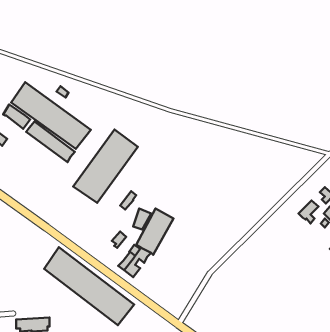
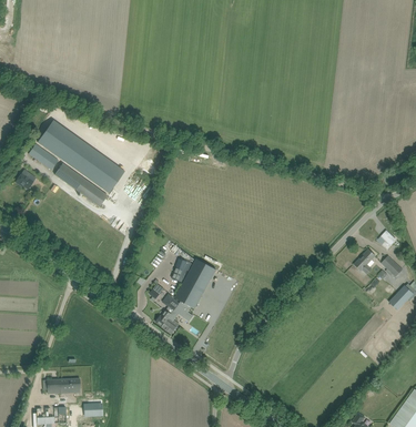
building: [73,129,138,203] -> none
building: [44,247,134,325] -> none

